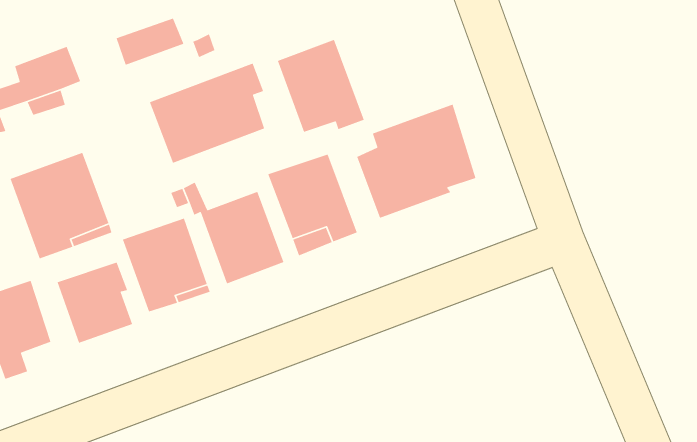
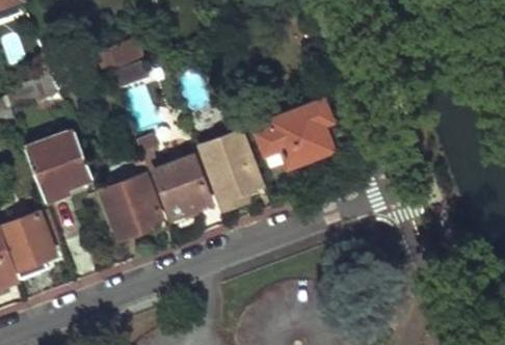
building: [277,39,365,133] -> none
building: [149,62,265,164] -> none
building: [57,262,133,344] -> none

